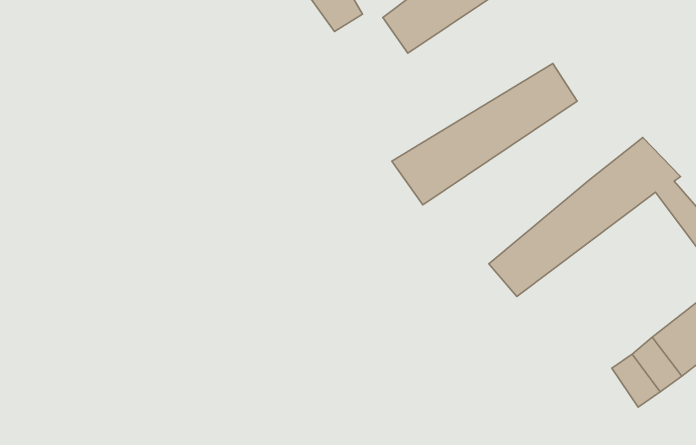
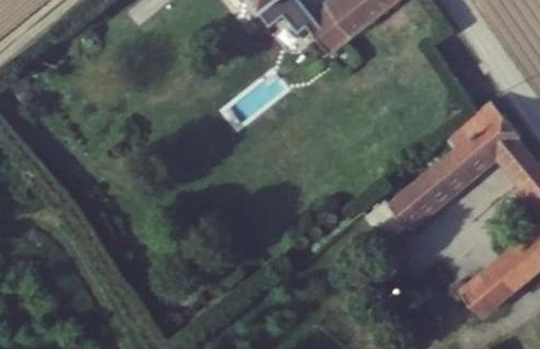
building: [392,63,577,205] -> none

